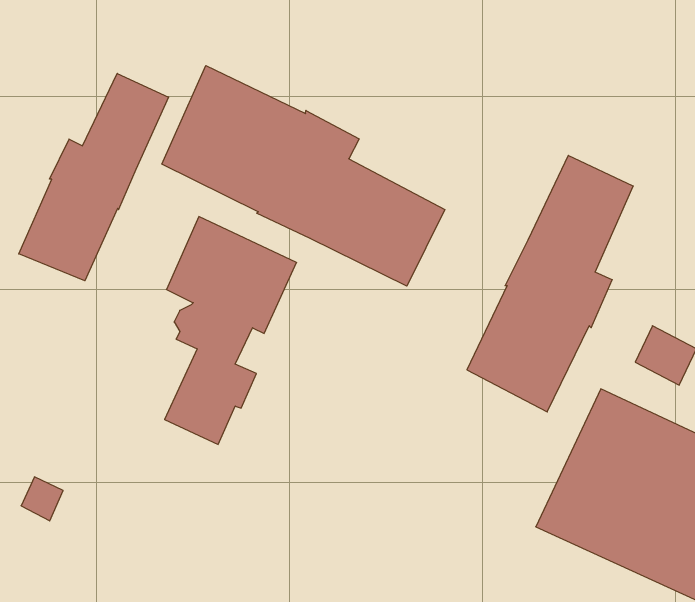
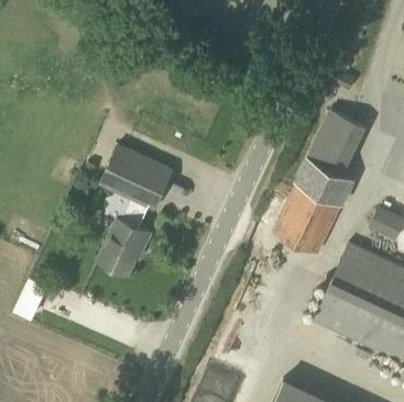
building: [162,66,445,286] -> none
building: [19,73,169,281] -> none

